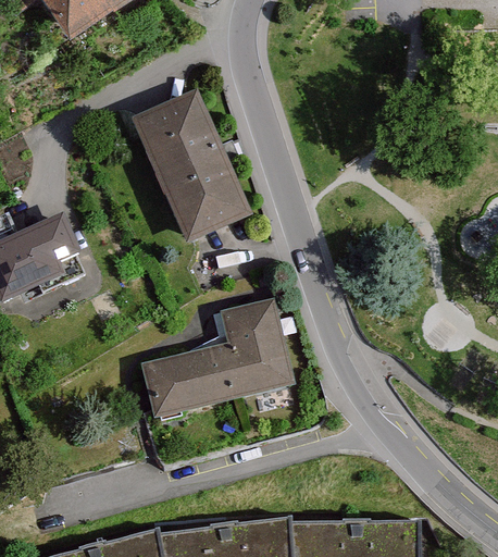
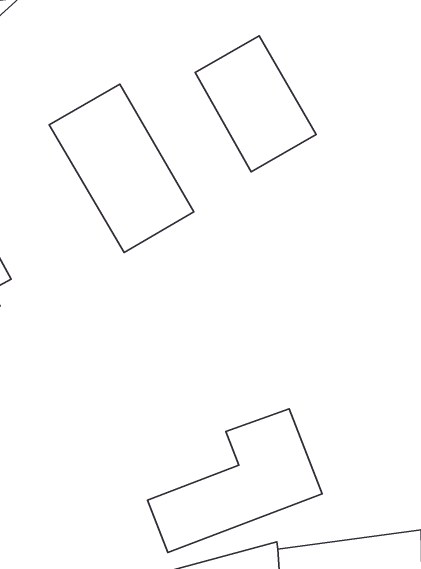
building: none -> [195,36,316,172]
building: [139,300,295,414] -> [148,409,322,553]

